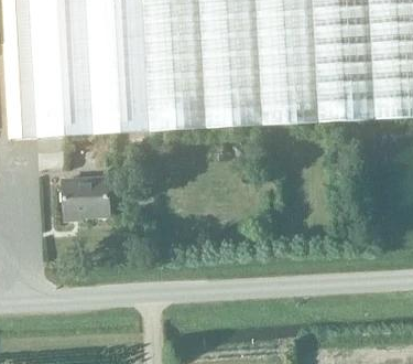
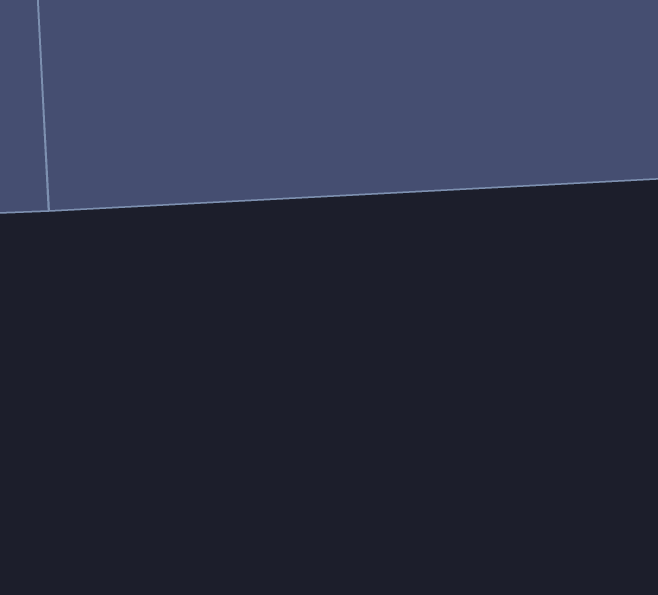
building: [63,176,109,216] -> none

